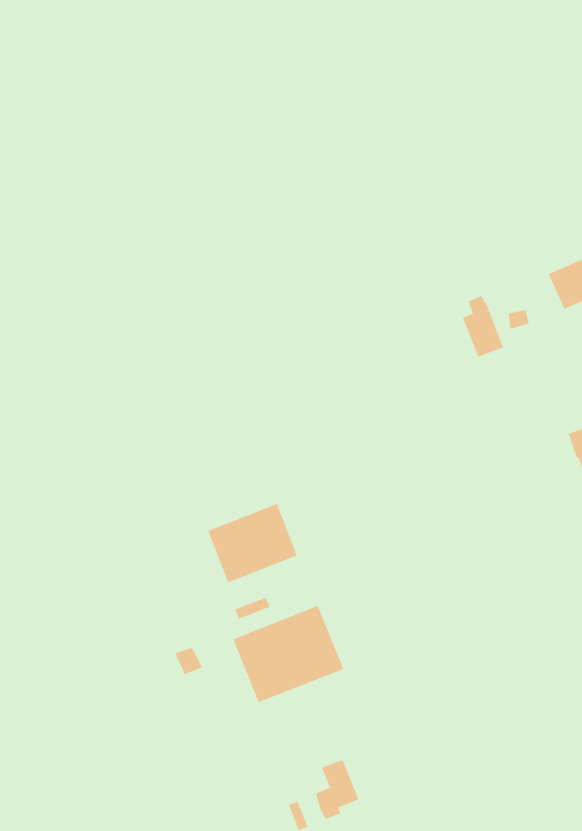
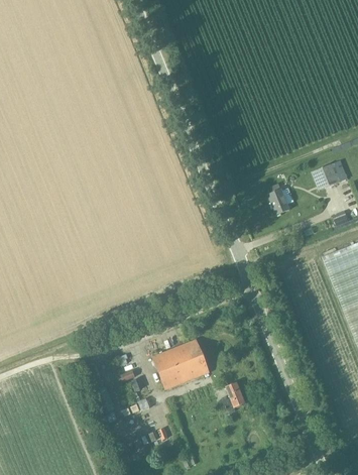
building: [207,503,297,583] -> none
building: [315,760,359,819] -> [223,383,245,413]

